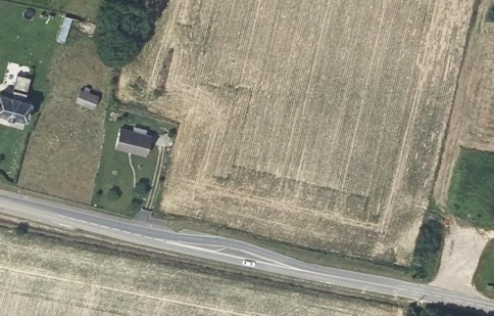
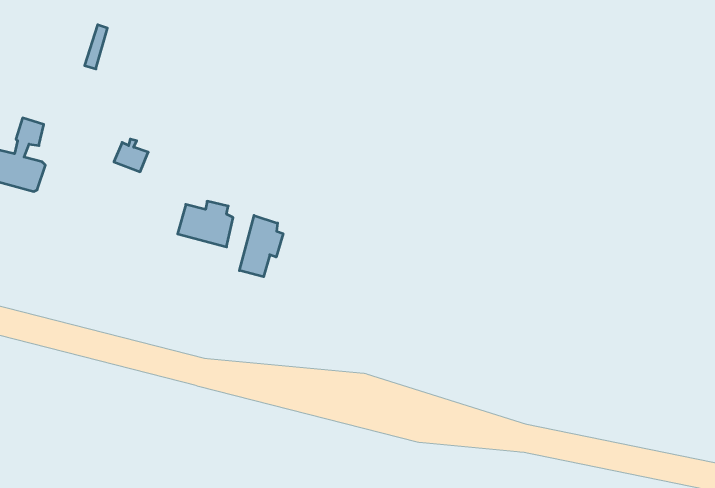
building: none -> [239,215,283,277]

